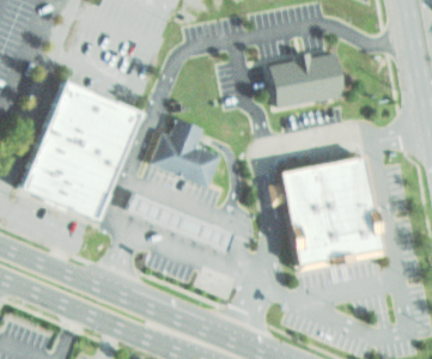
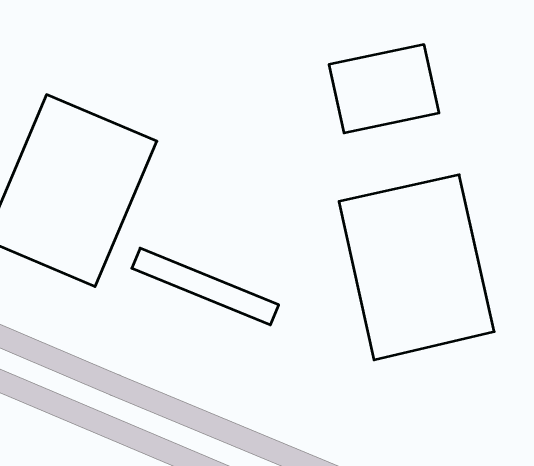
building: [150,117,221,188] -> none

